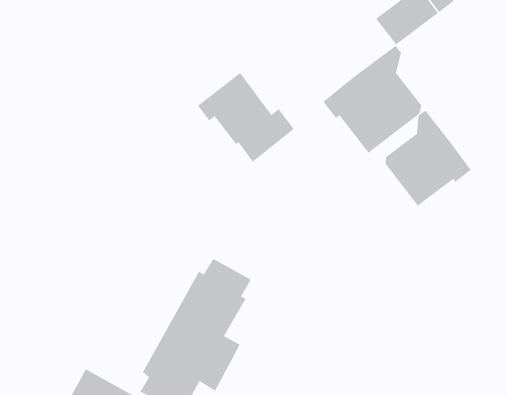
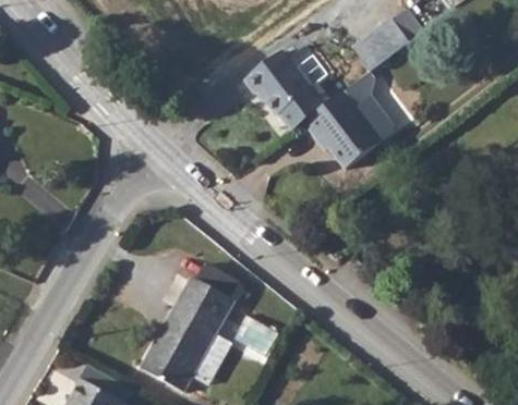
building: [197,72,295,162] -> [242,50,330,132]
building: [385,110,472,207] -> none

